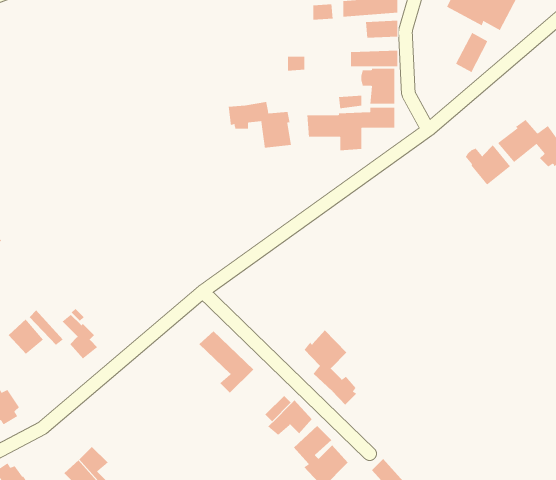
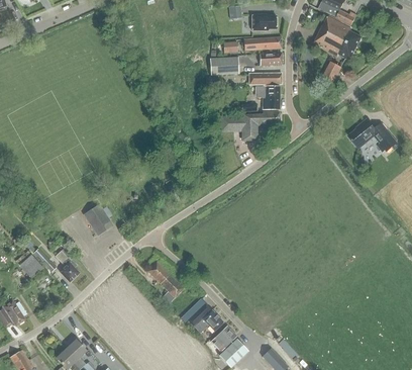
building: none -> [209,56,238,74]
building: [228,101,291,148] -> none
building: [465,145,511,186] -> none
building: none -> [87,204,112,235]
building: [304,330,357,405] -> none

